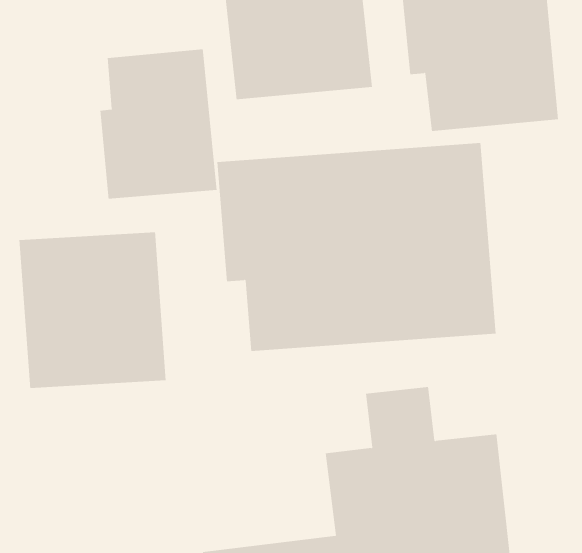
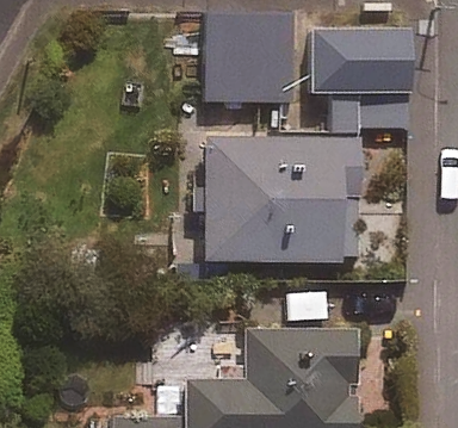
building: [100,49,217,199] -> none
building: [19,231,166,389] -> none

